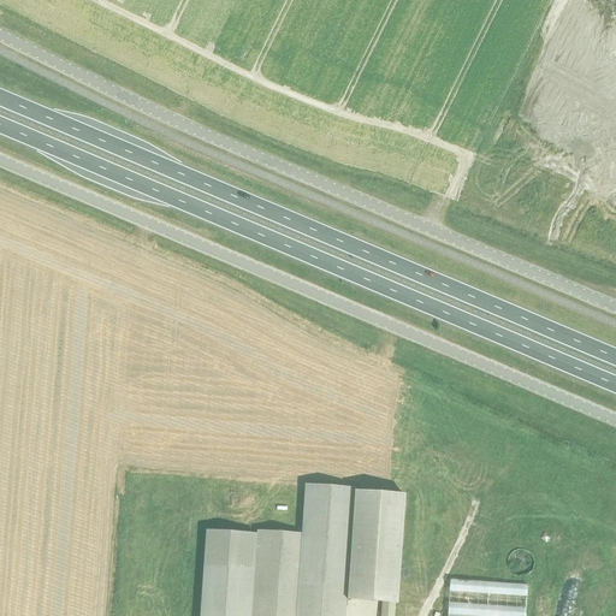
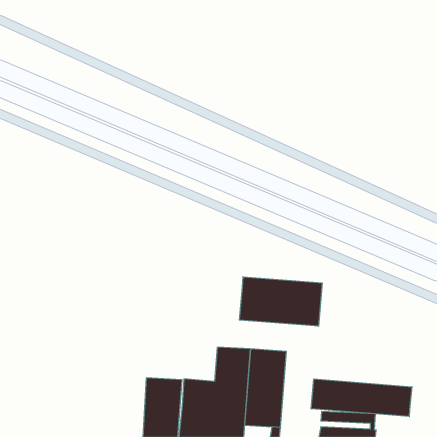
building: none -> [239,277,322,326]
building: none -> [311,379,412,417]

